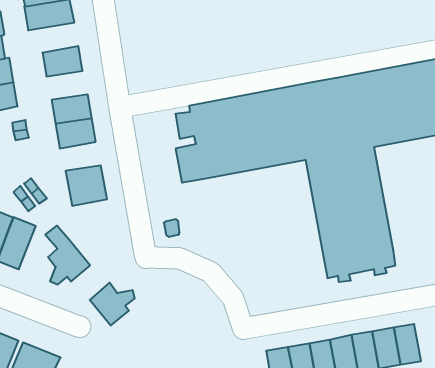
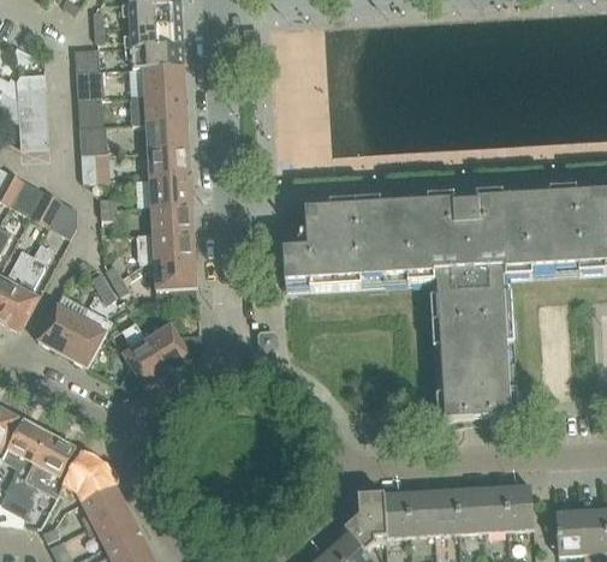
building: none -> [131,92,186,122]
building: none -> [145,149,190,178]
building: none -> [137,232,195,262]
building: [90,283,135,326] -> [148,323,200,372]

